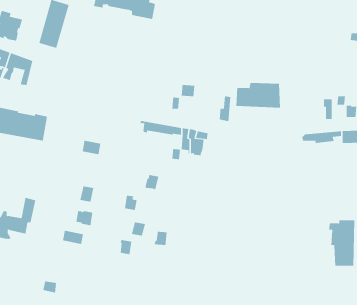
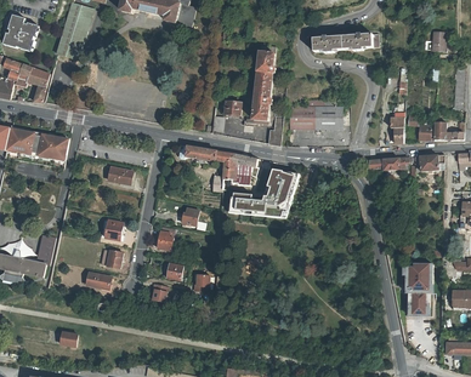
building: none -> [312,33,378,53]
building: none -> [252,52,274,121]
building: none -> [229,170,296,217]

